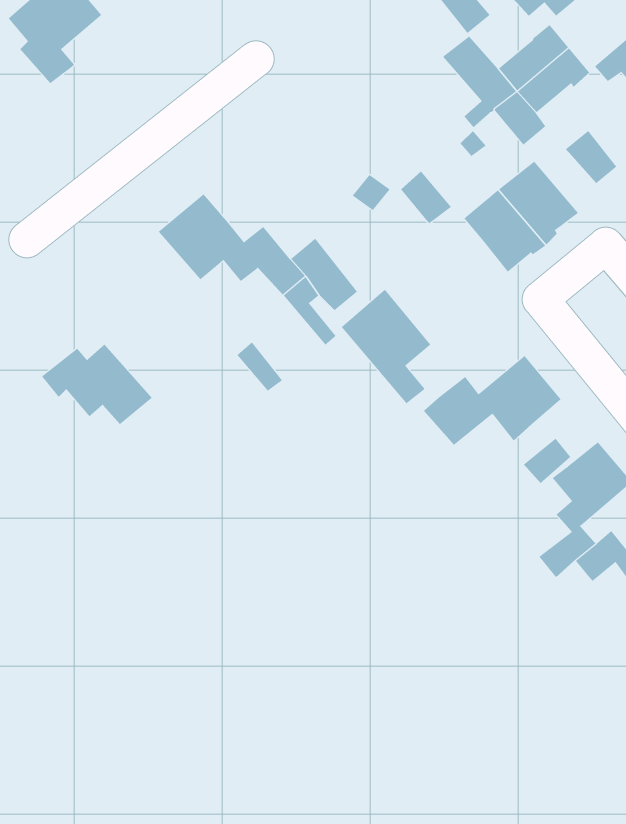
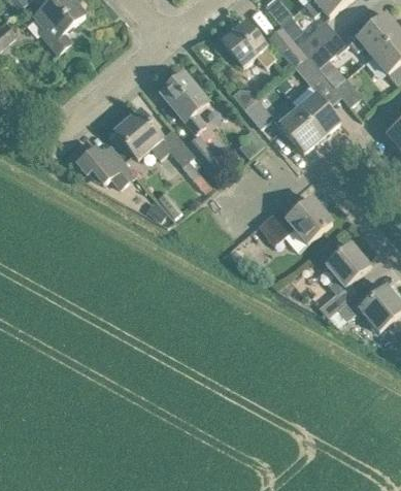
building: none -> [222,21,276,66]
building: [341,289,431,404] -> [161,71,209,133]
building: [41,344,153,425] -> [76,143,136,187]

